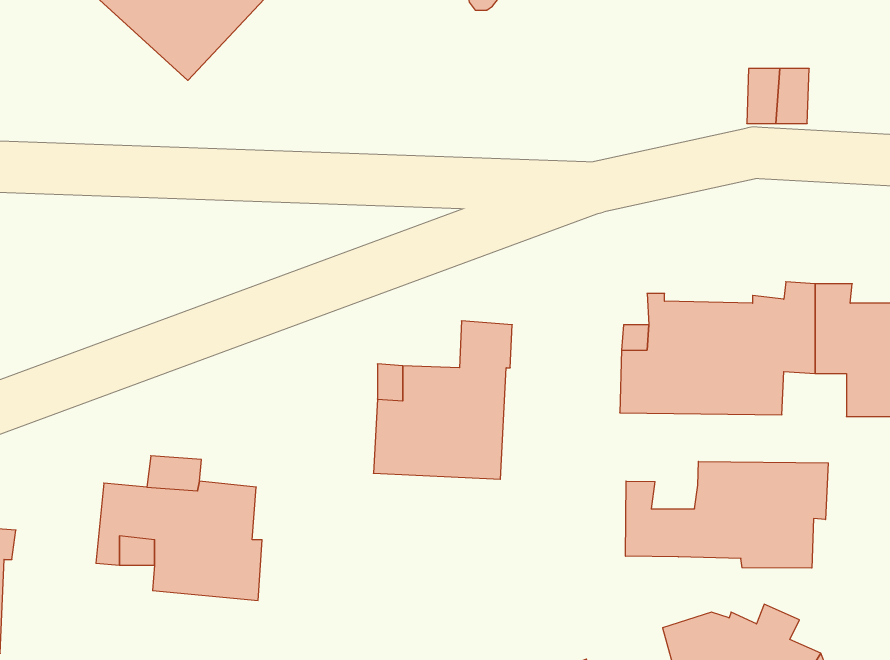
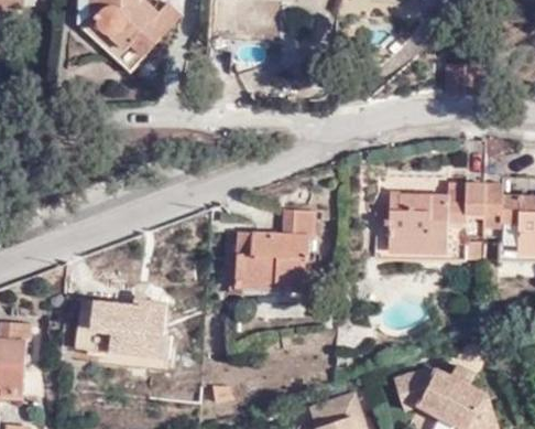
building: [626,461,828,568] -> none

